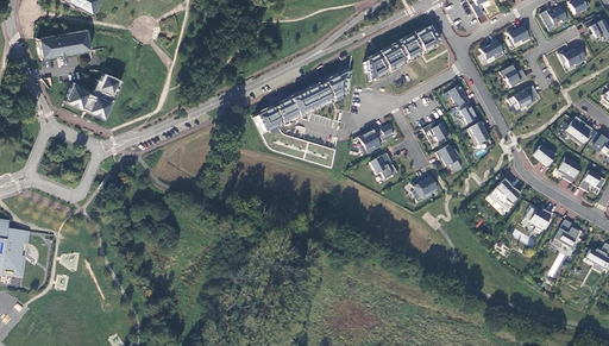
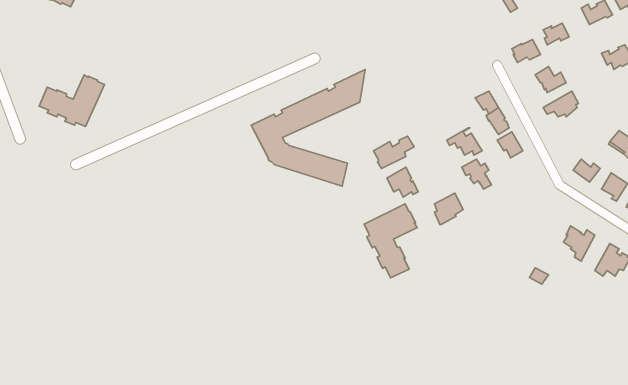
building: [366,25,440,83] -> none
building: [37,29,92,57] -> none
building: [488,177,521,212] -> none
building: none -> [364,204,417,278]

